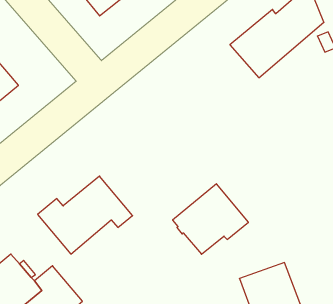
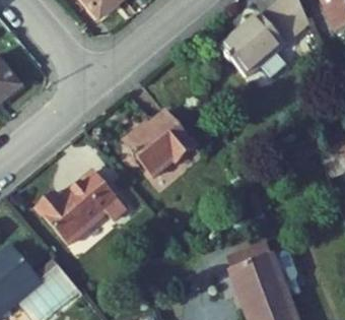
building: [173,184,248,254] -> [126,111,198,178]

